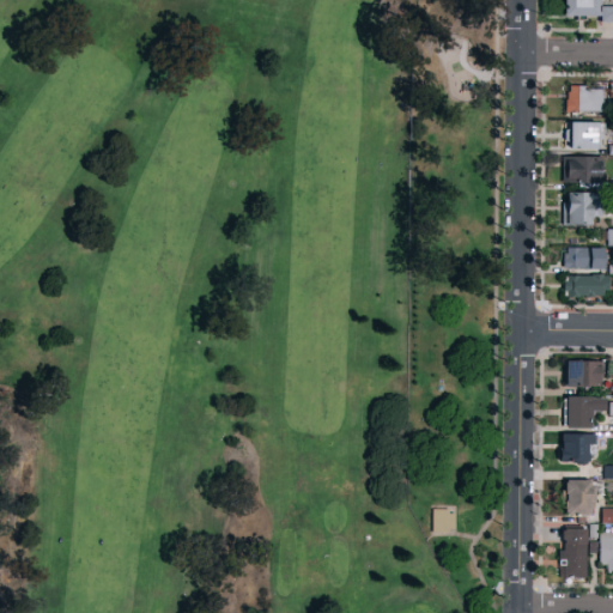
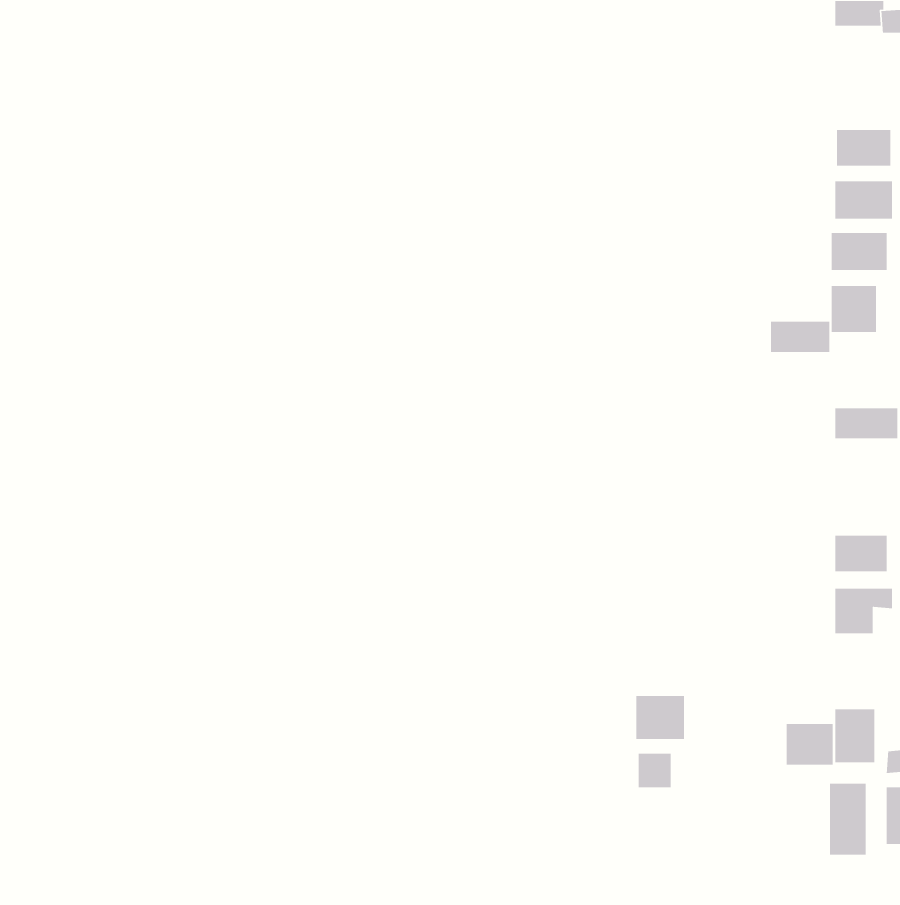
building: [565,248,606,269] -> [770,321,830,353]
building: [563,435,595,463] -> [786,723,834,766]
building: none -> [635,695,685,740]

